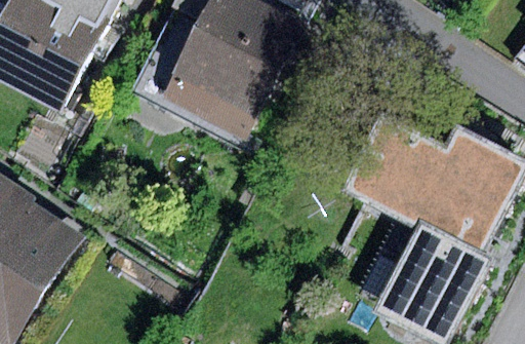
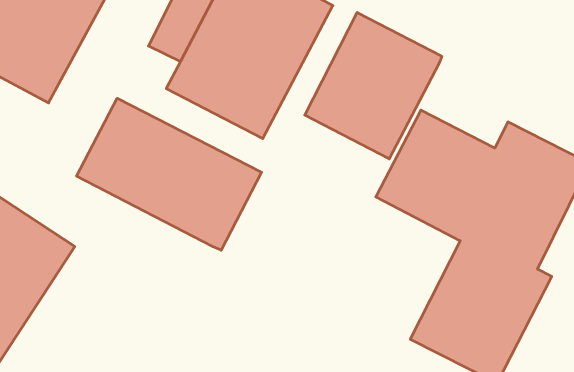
building: none -> [305,12,442,159]
building: none -> [77,98,262,250]

